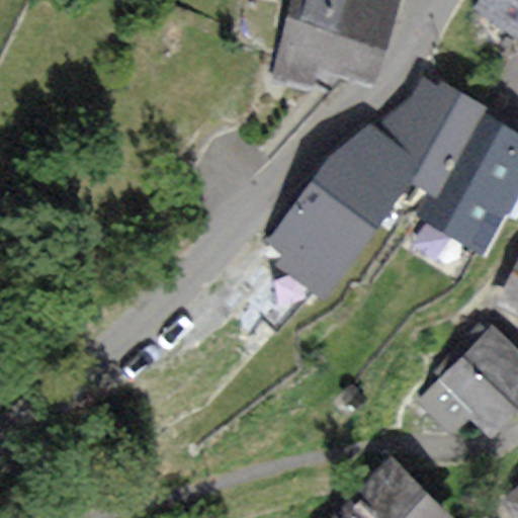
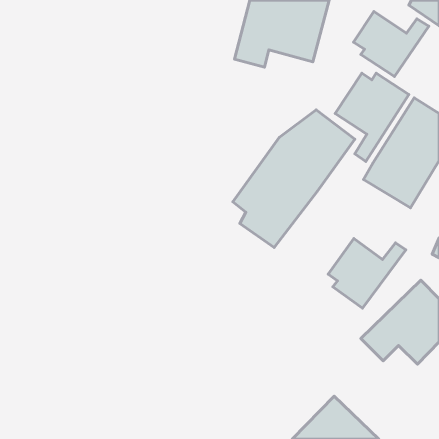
building: none -> [354,11,429,77]
building: none -> [328,238,406,308]

